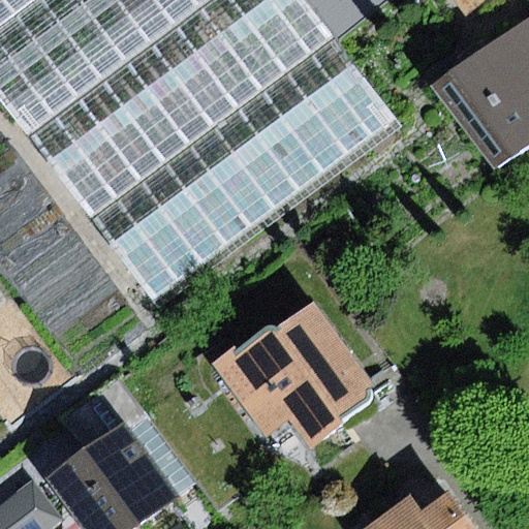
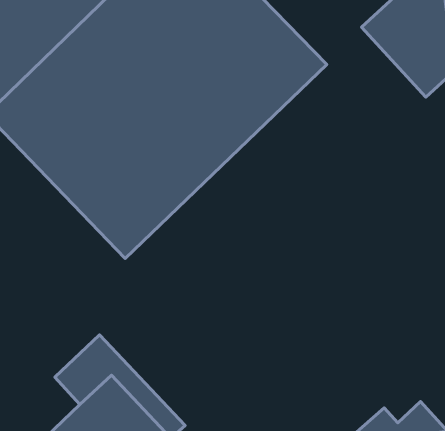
building: [215,301,373,446] -> none

